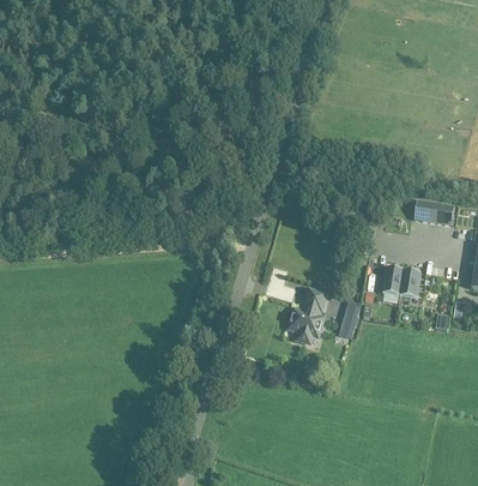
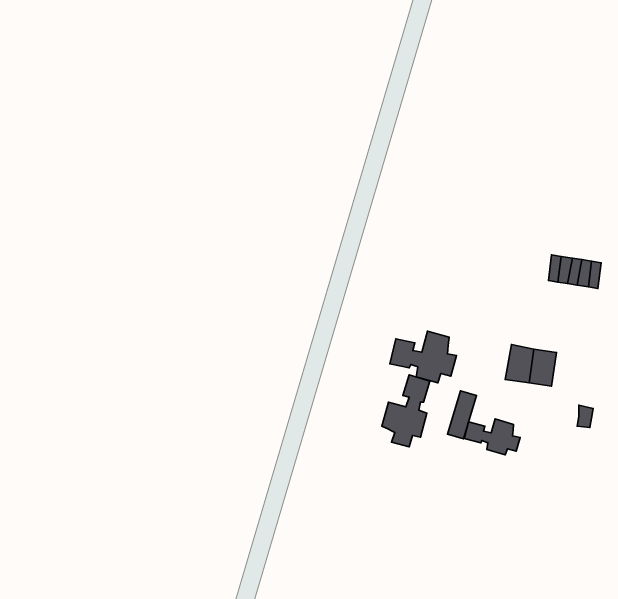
building: none -> [390,331,456,383]
building: none -> [464,419,520,455]

